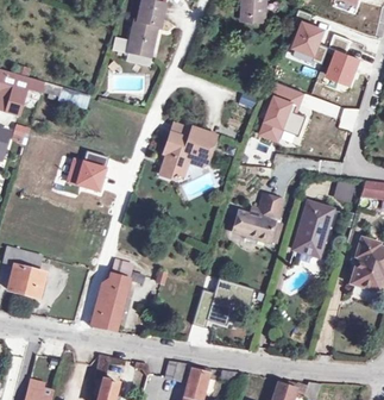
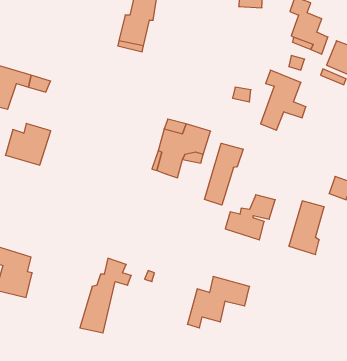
building: none -> [204,143,243,205]
building: [64,151,108,192] -> [5,123,51,165]

